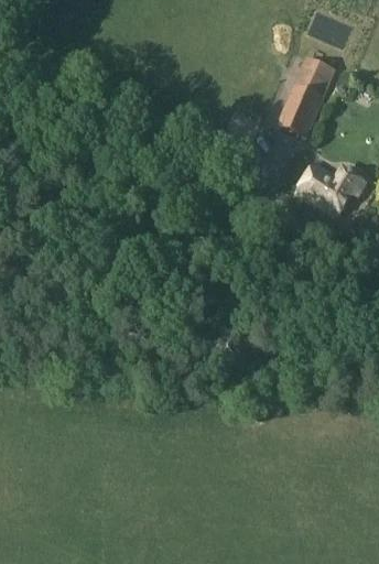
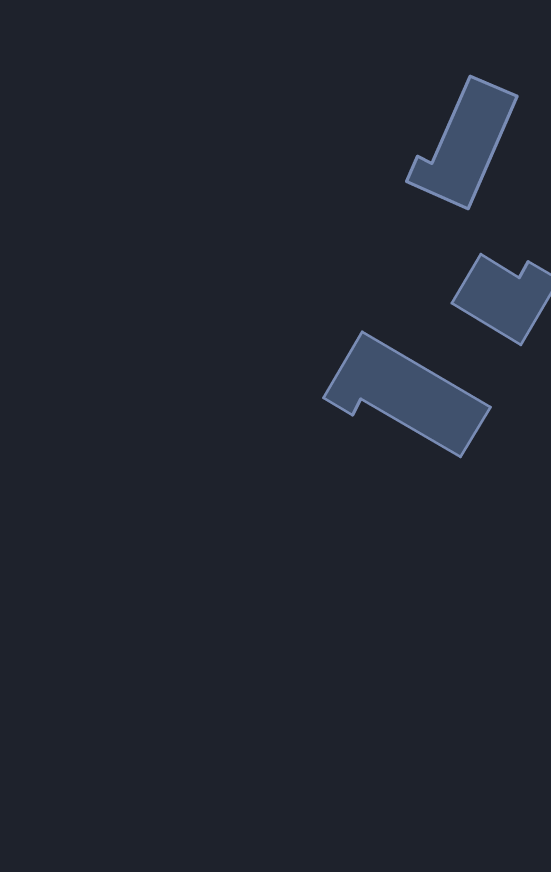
building: none -> [324,332,490,457]

